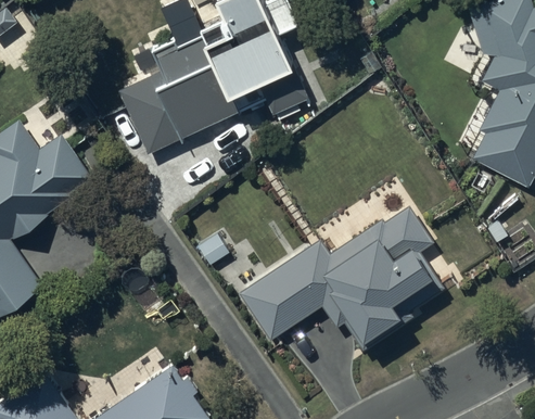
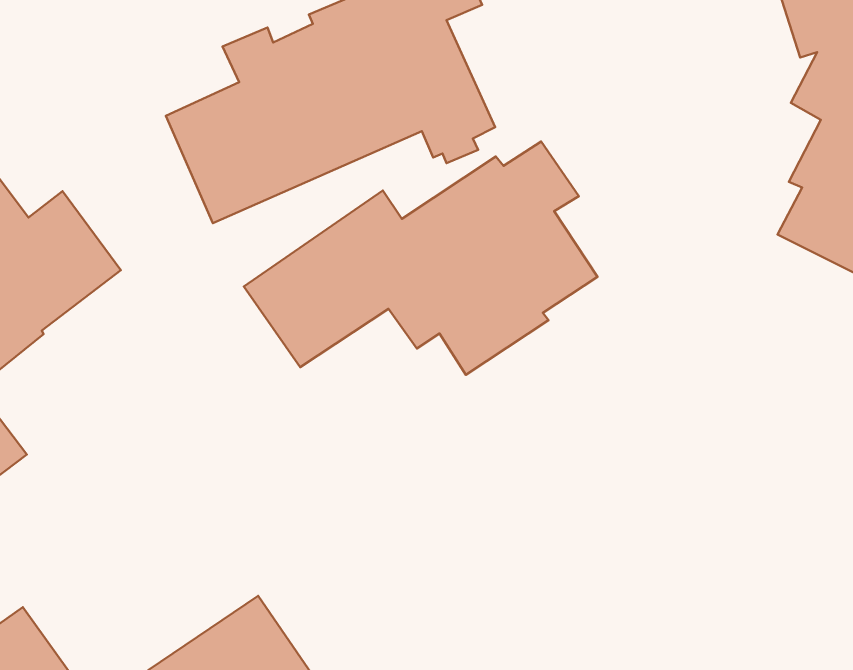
building: [239,210,443,344] -> [244,142,598,375]

